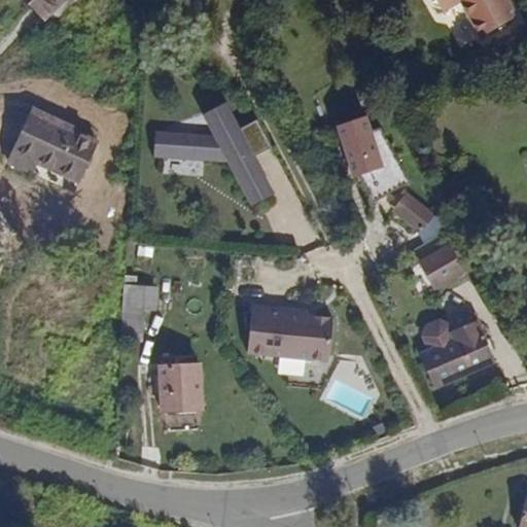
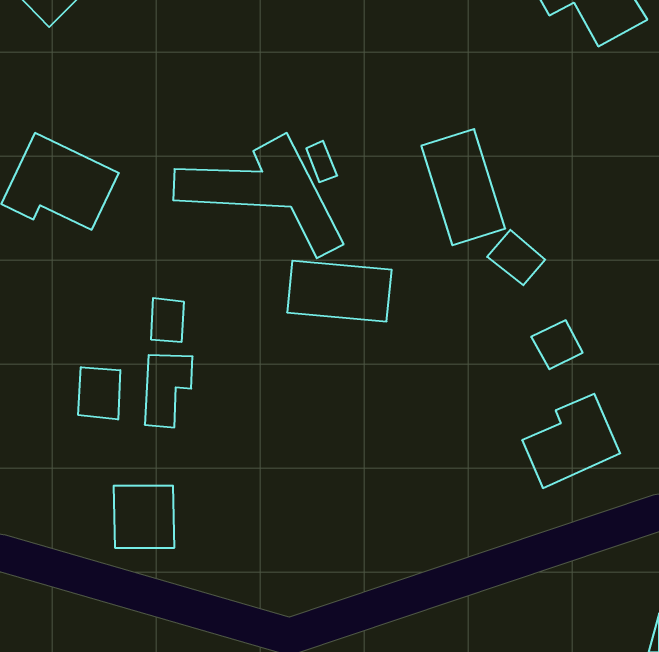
building: none -> [151,298,184,342]
building: none -> [78,367,120,420]
building: [248,308,331,356] -> [287,261,392,321]
building: [156,356,205,406] -> [114,486,174,548]

